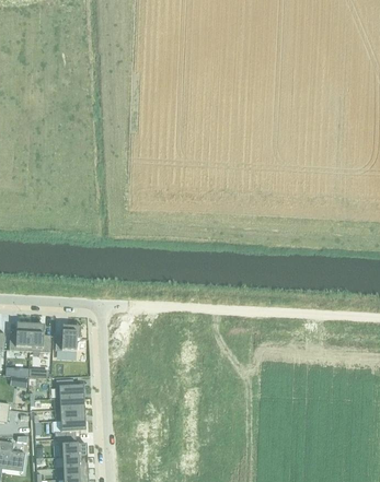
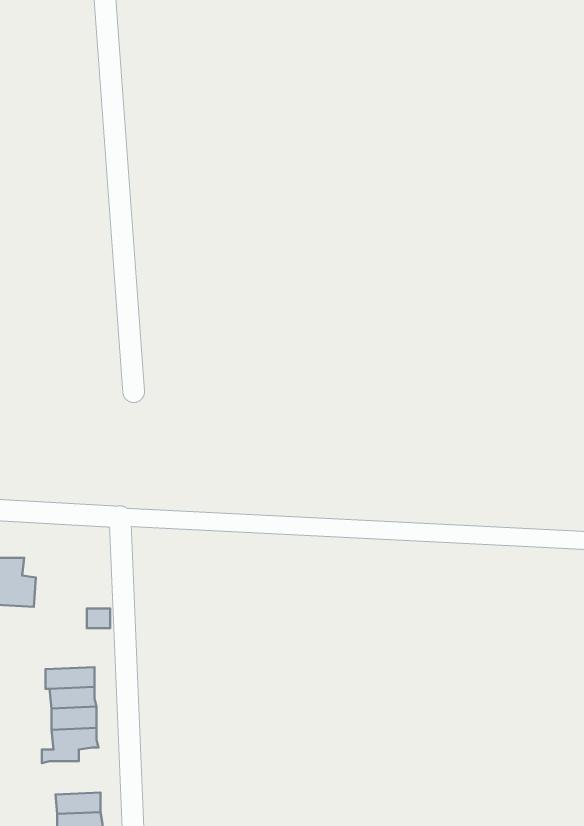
building: [54,325,80,350] -> none
building: [58,437,87,456] -> none

